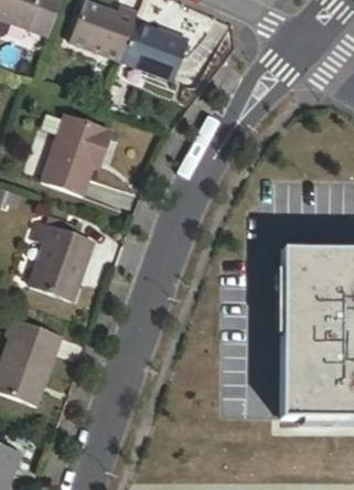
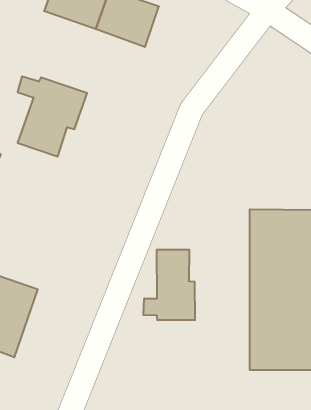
building: [26,220,90,300] -> none
building: none -> [143,250,195,320]

